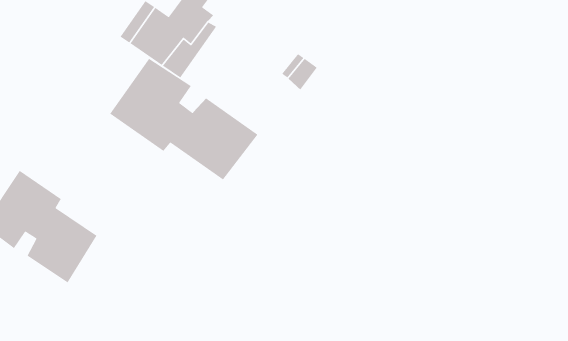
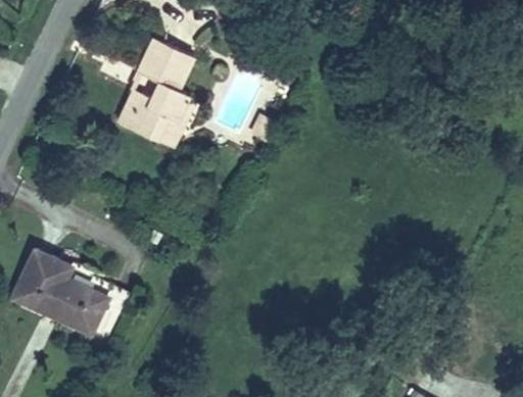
building: [109,58,259,181] -> none

